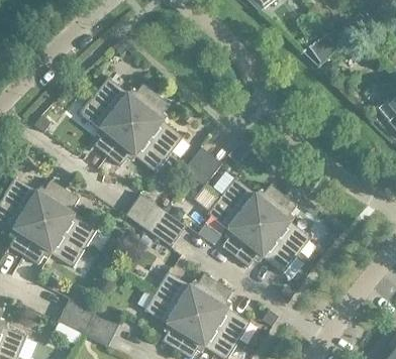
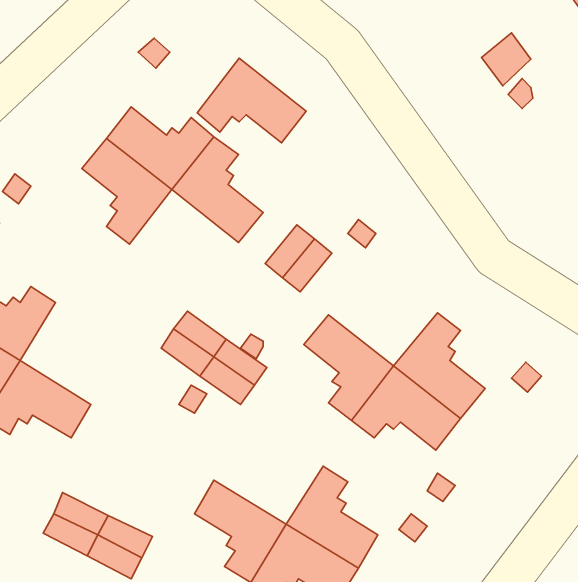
building: [106,125,169,173] -> [197,58,306,143]
building: [220,178,283,226] -> none
building: [43,190,96,248] -> none
building: [155,272,217,317] -> none

